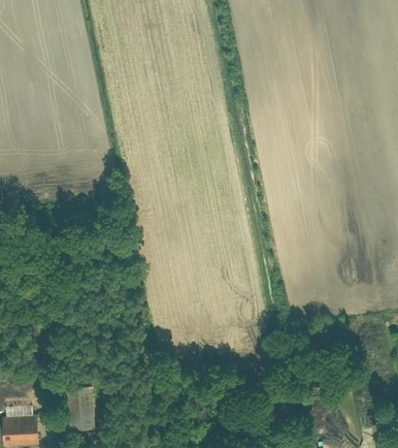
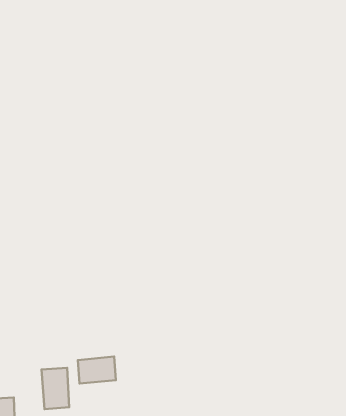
building: none -> [78,357,116,384]

